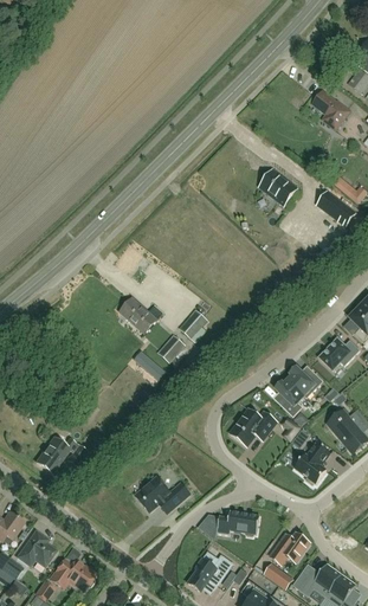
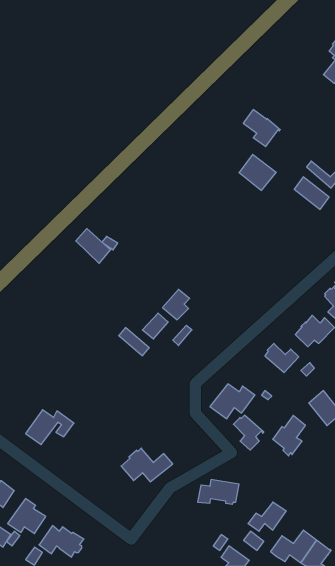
building: [311,90,350,129] -> [243,110,280,147]
building: [120,298,156,335] -> [76,229,111,263]
building: [275,380,306,417] -> [233,415,264,450]
building: [186,555,232,592] -> none

